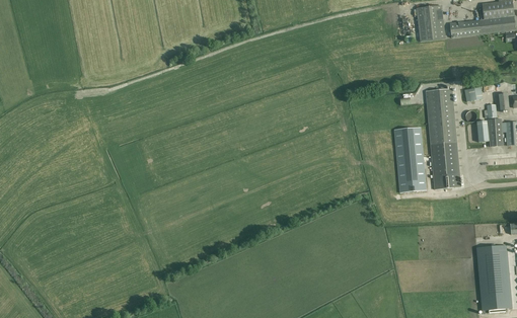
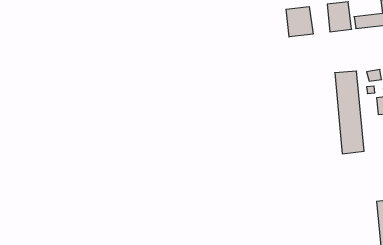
building: none -> [286,7,313,37]
building: [394,127,426,192] -> none

